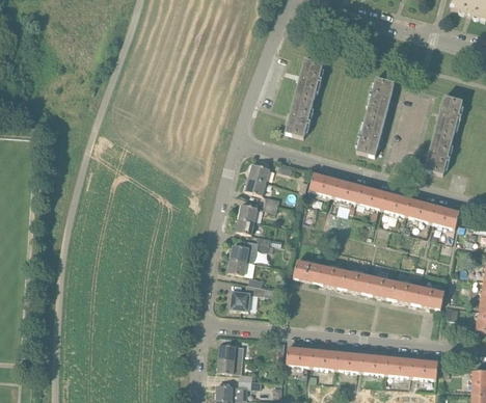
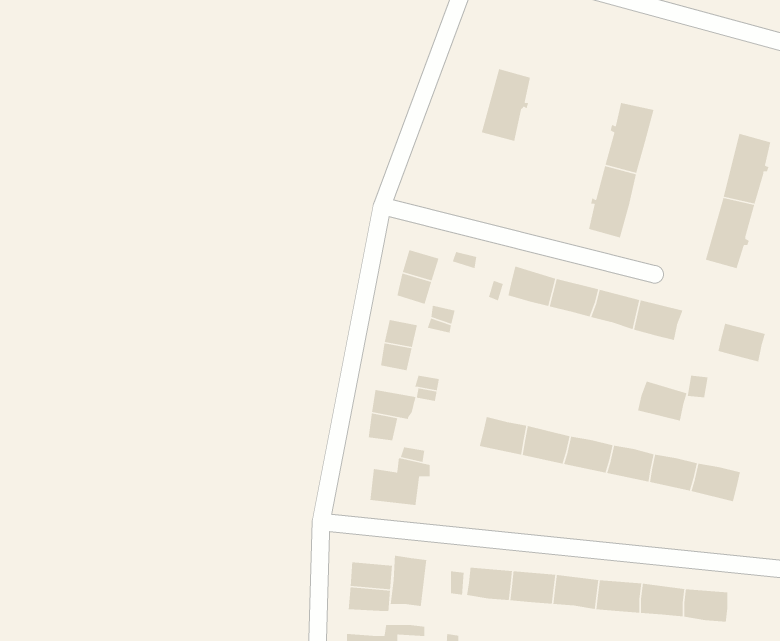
building: [285,96,314,137] -> none
building: [406,198,435,222] -> [637,380,688,422]
building: none -> [390,555,427,607]

